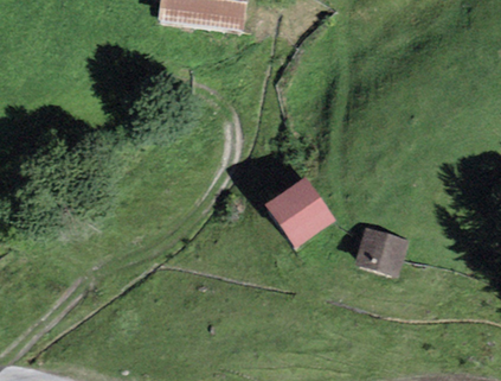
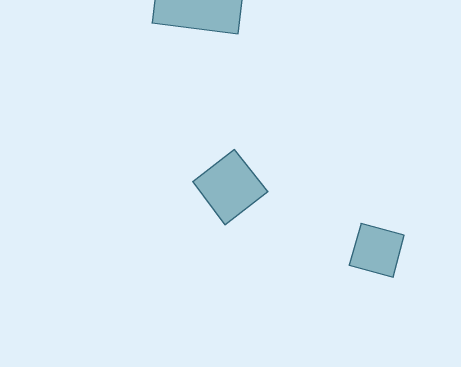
building: [263,177,338,252] -> [193,150,268,225]

